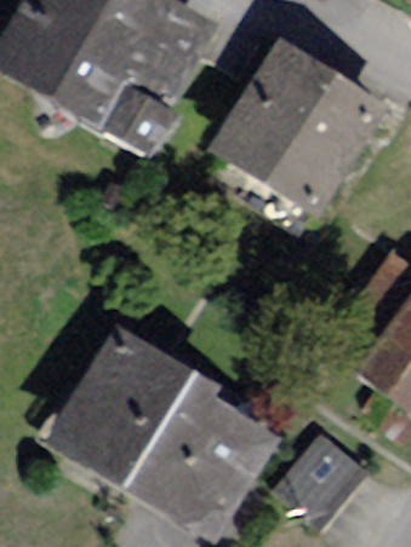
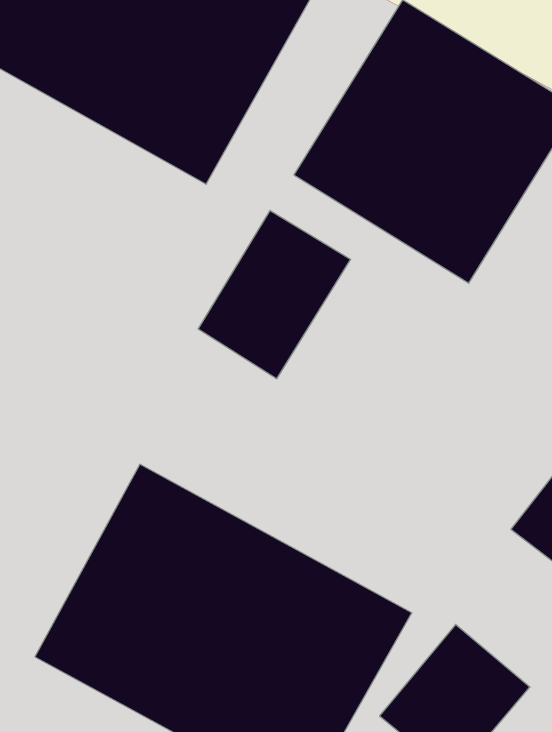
building: none -> [198,210,351,379]

